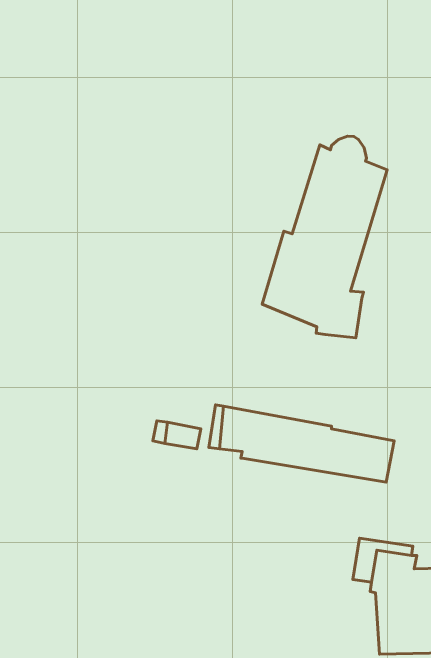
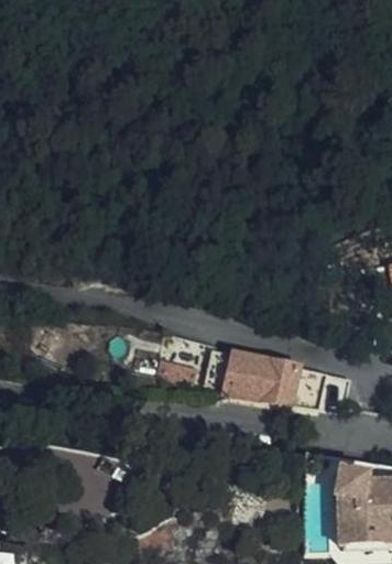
building: [262,136,387,338] -> none

